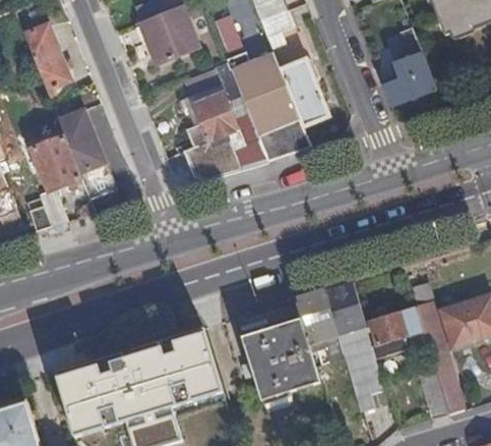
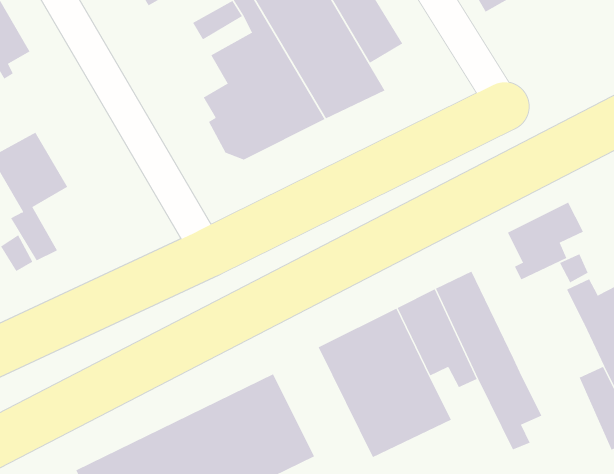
building: [57,108,116,199] -> none
building: [370,308,423,356] -> [507,202,584,280]

